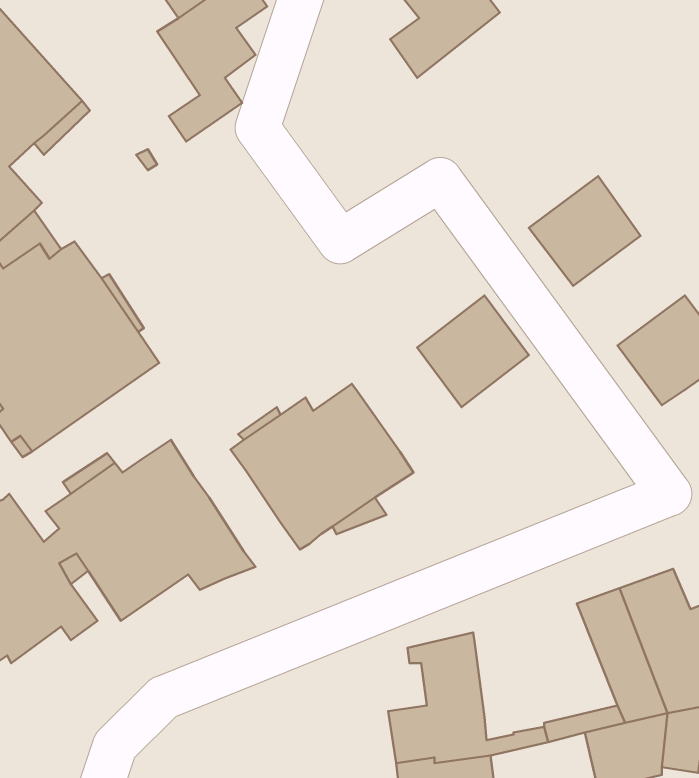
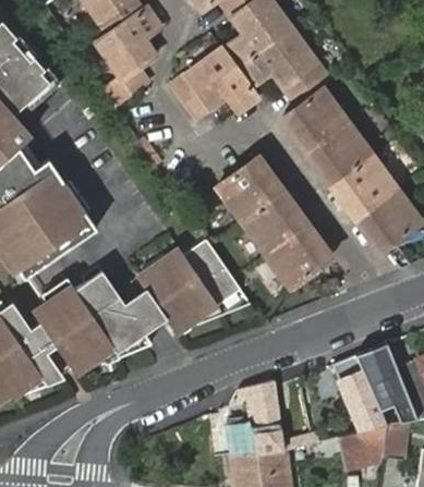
building: none -> [244,31,327,102]
building: none -> [169,46,253,113]
building: none -> [283,90,347,153]
building: none -> [332,157,396,219]
building: none -> [218,158,282,220]
building: none -> [269,224,332,288]
building: none -> [126,290,167,336]

